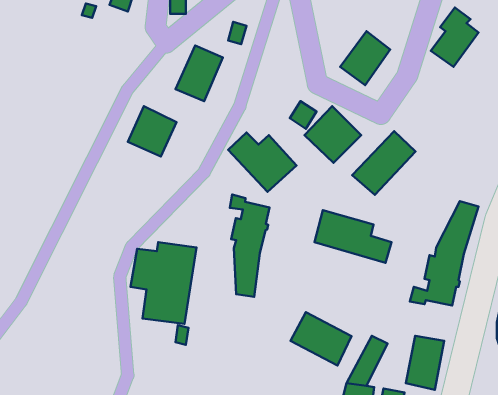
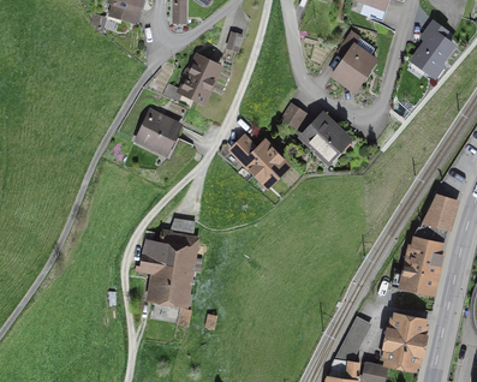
building: [352,131,415,195] -> none
building: [230,195,270,297] -> none
building: [314,210,391,263] -> none
building: [290,312,352,366] -> none

